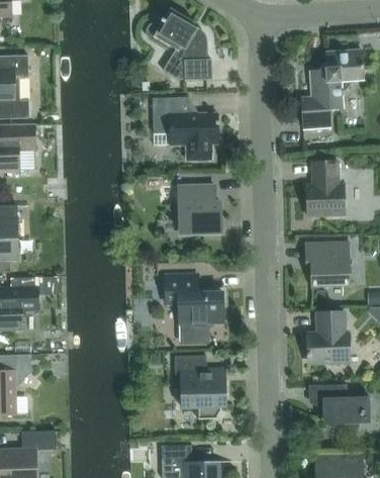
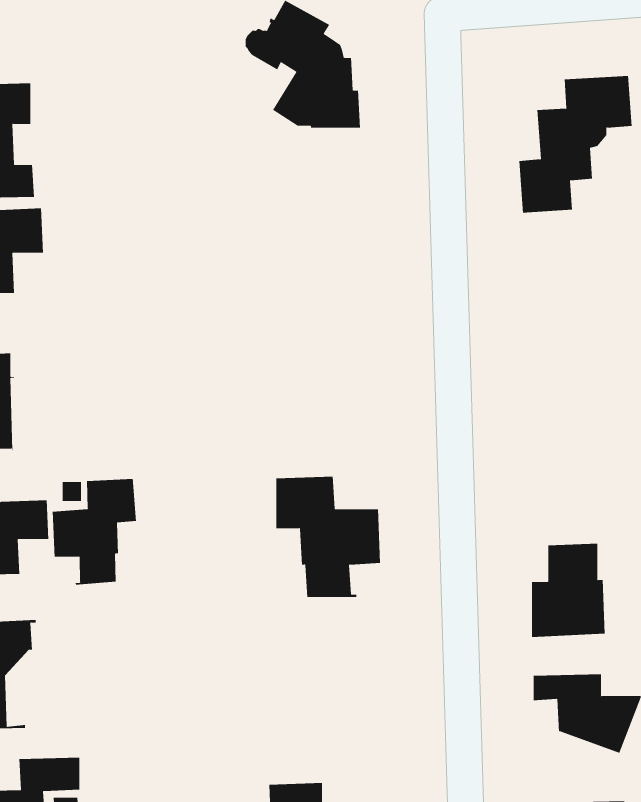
building: [153,97,219,161] -> none
building: [306,161,345,215] -> none
building: [177,185,220,233] -> none
building: [304,242,350,286] -> none
building: none -> [52,478,137,585]
building: [174,355,226,419] -> none

